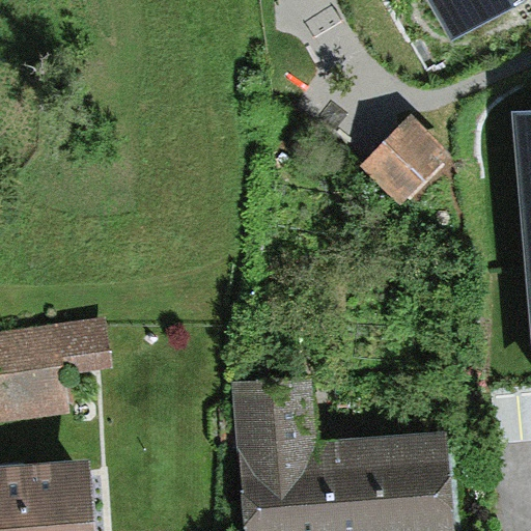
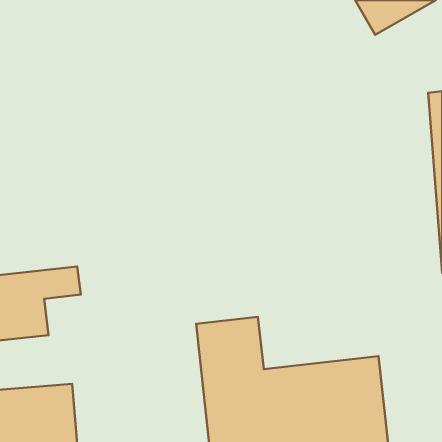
building: [359,118,453,211] -> none

